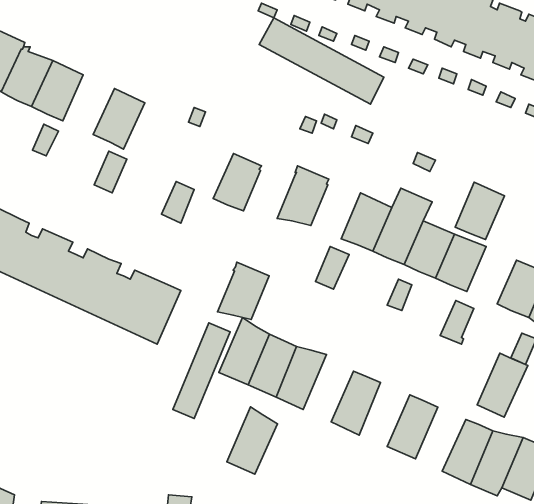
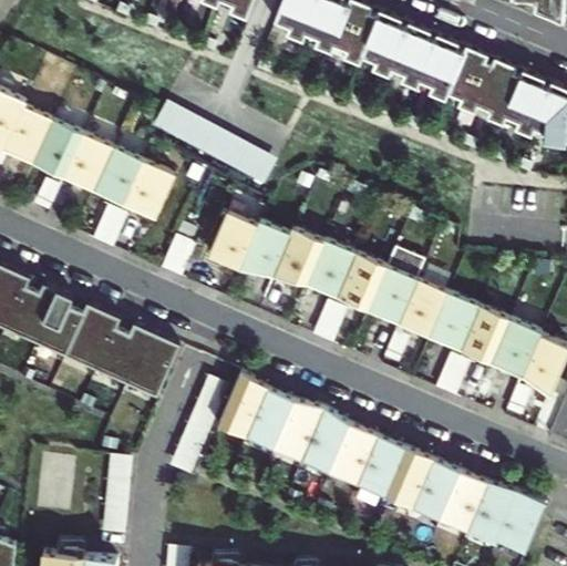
building: [259,18,384,104] -> [152,101,275,186]
building: none -> [63,133,114,192]
building: none -> [123,161,177,220]
building: none -> [308,236,357,295]
building: [455,182,505,239] -> [462,302,511,359]
building: [218,262,269,320] -> [241,218,292,275]
building: [477,353,528,417] -> [411,461,461,524]
building: none -> [355,436,405,500]
building: none -> [102,456,132,536]
building: [227,407,277,474] -> [300,409,350,475]

